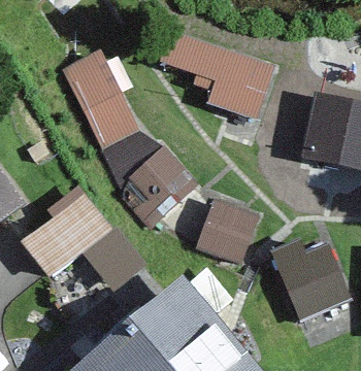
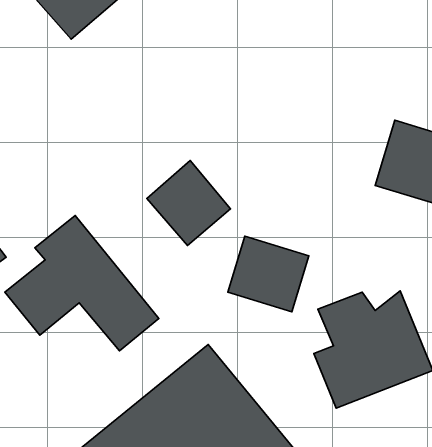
building: [160,23,276,108] -> none
building: [62,42,145,148] -> none

